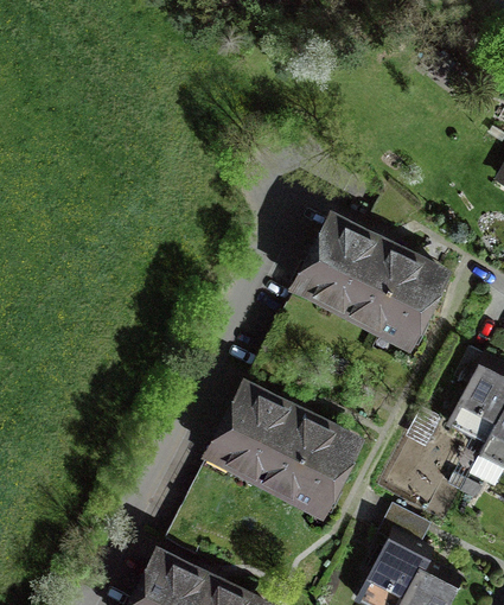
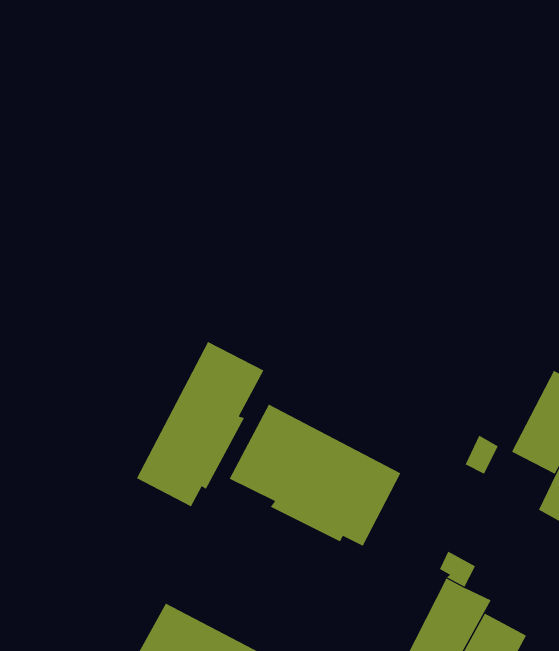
building: [299,219,442,339] -> none
building: none -> [136,341,264,507]

